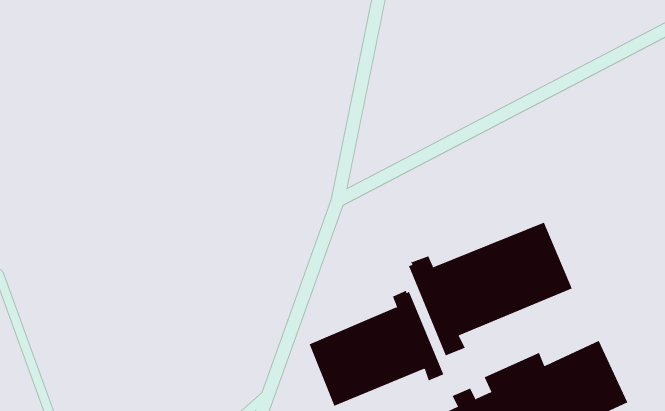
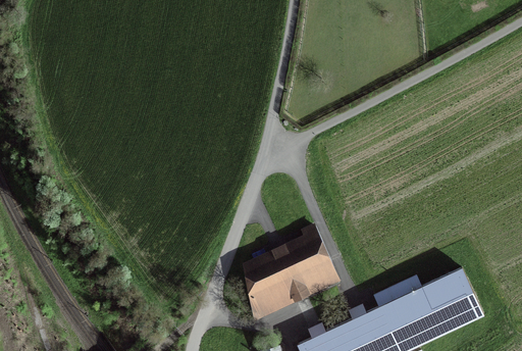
building: [408,222,573,356] -> none

